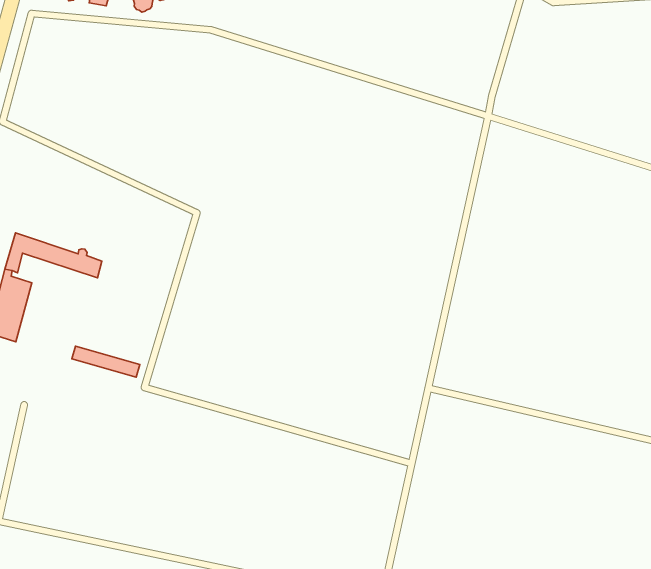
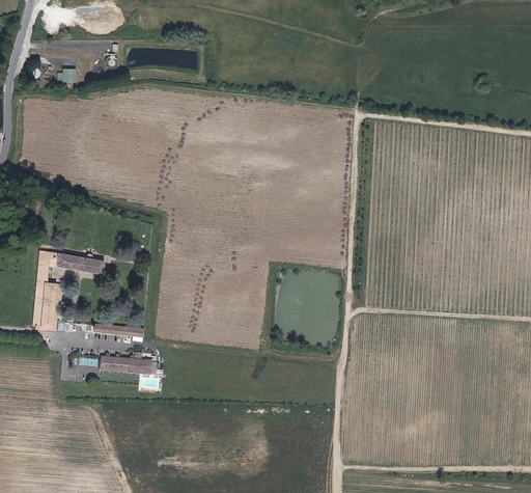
building: none -> [101,354,163,377]

